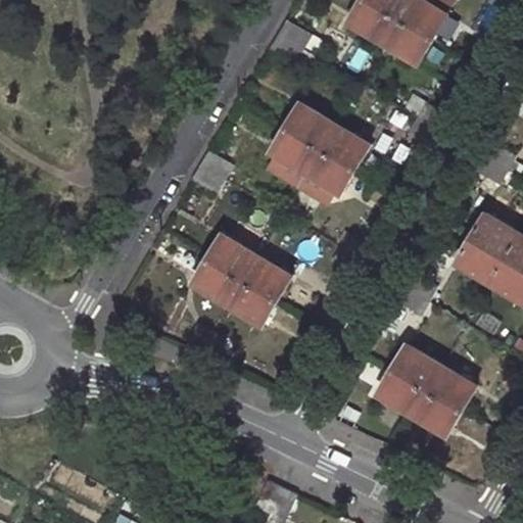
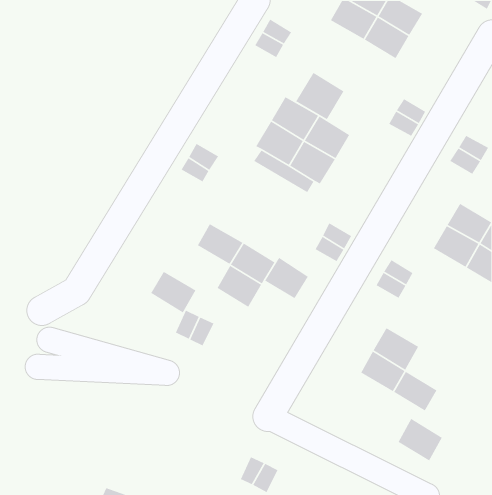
building: none -> [295,72,344,120]
building: [193,259,242,304] -> [150,271,197,314]
building: none -> [264,257,309,299]
building: [427,366,475,412] -> [397,418,443,462]

